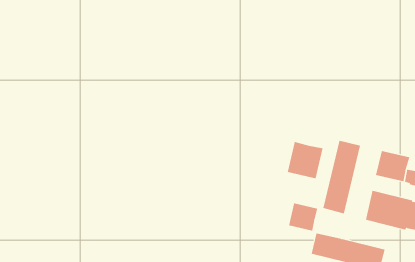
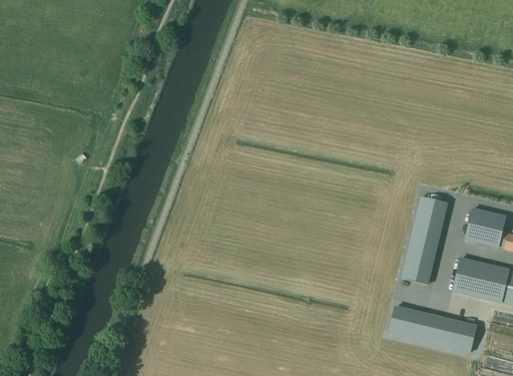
building: [287,141,323,179] -> none
building: [288,202,318,231] -> none

